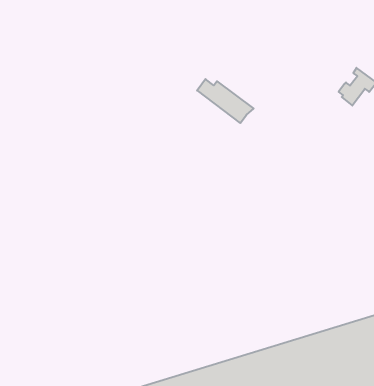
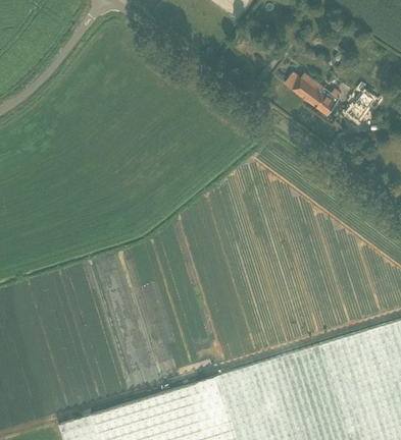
building: [197,79,254,123] -> [285,73,340,116]

